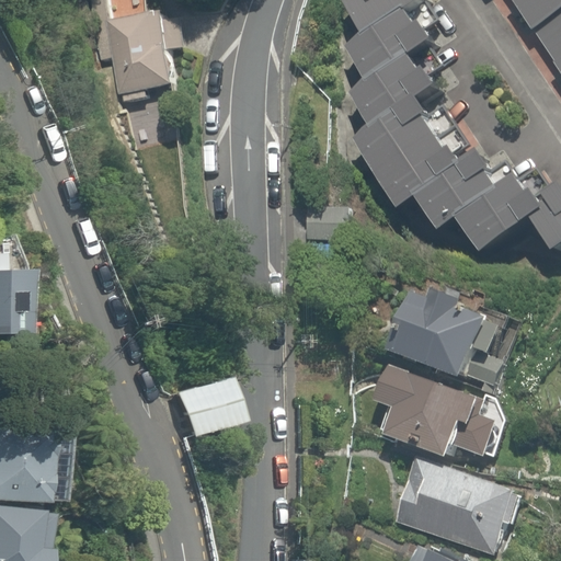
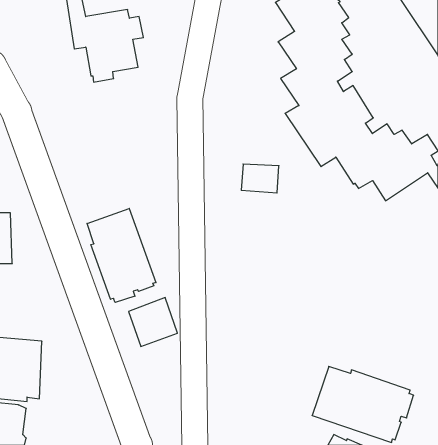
building: none -> [87,208,156,302]
building: [387,287,502,394] -> none
building: [375,364,496,459] -> none

